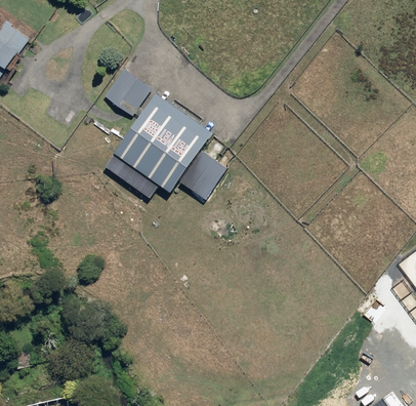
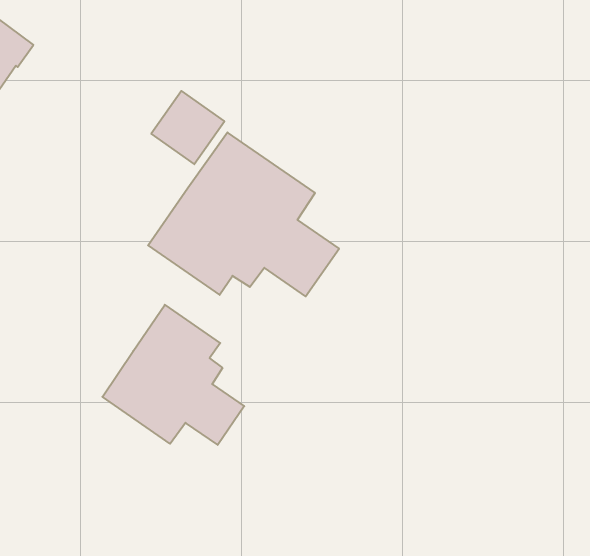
building: none -> [102,305,244,445]

